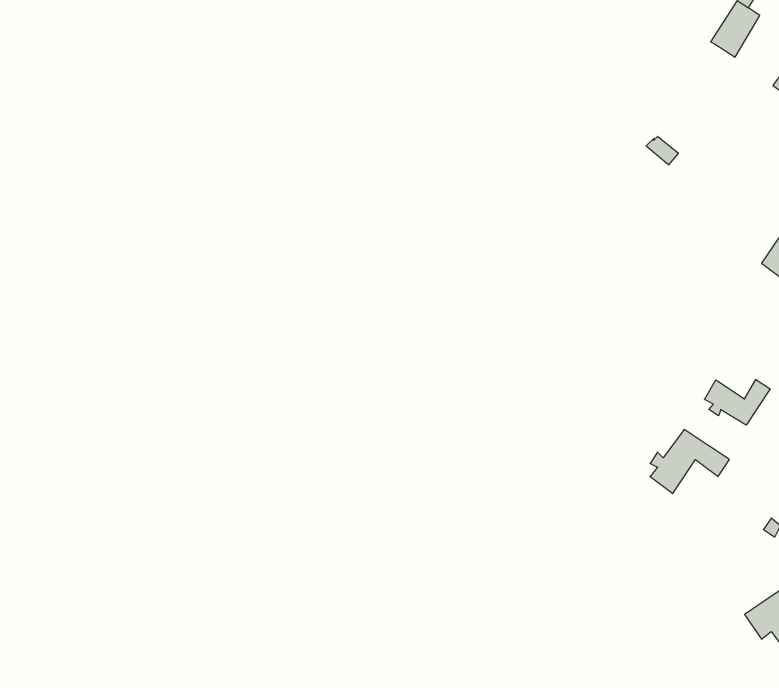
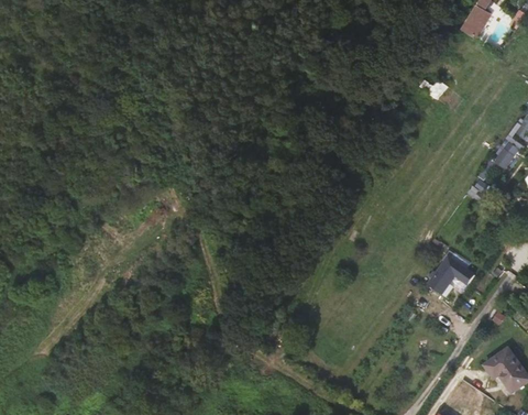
building: [704,379,770,425] -> none

